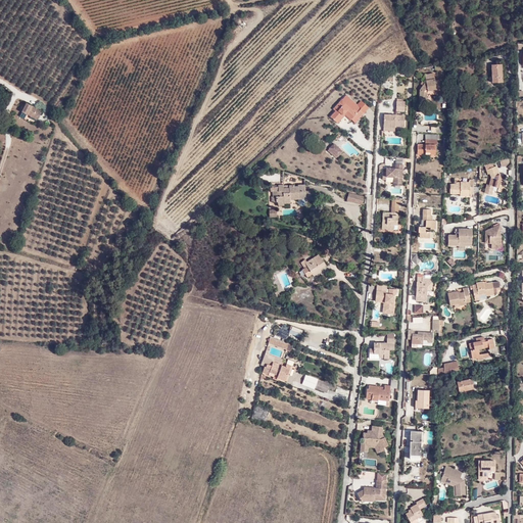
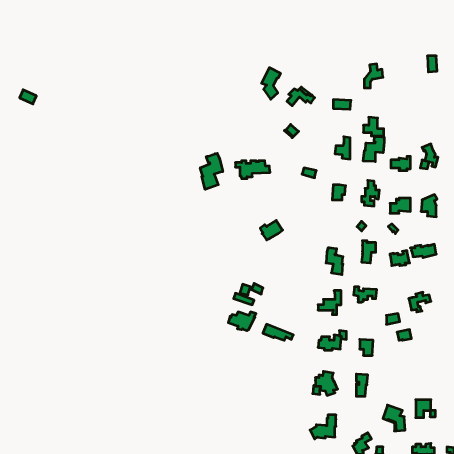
building: none -> [262,68,280,99]
building: none -> [363,136,384,162]
building: none -> [200,153,223,189]

